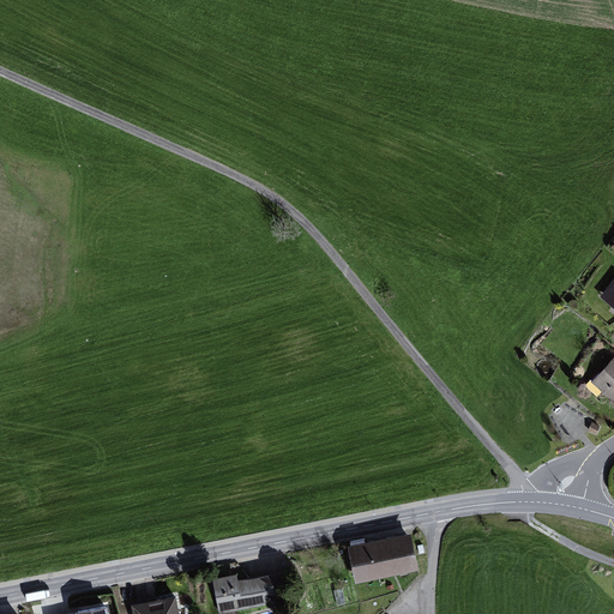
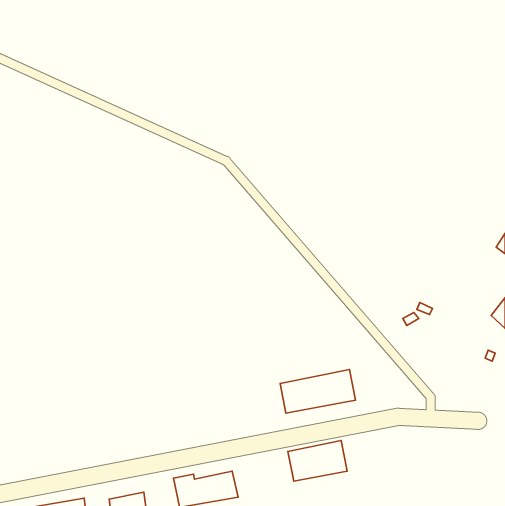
building: none -> [280,369,355,413]

